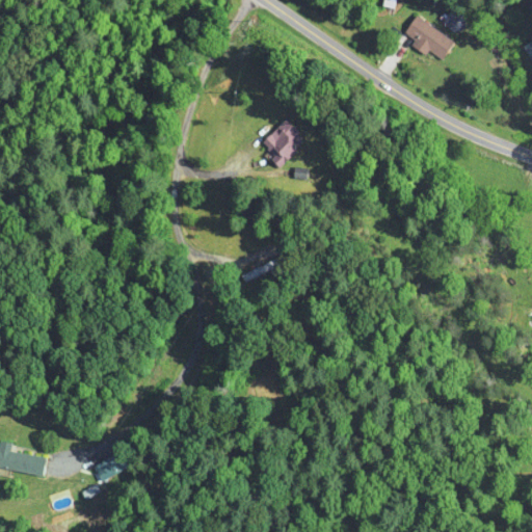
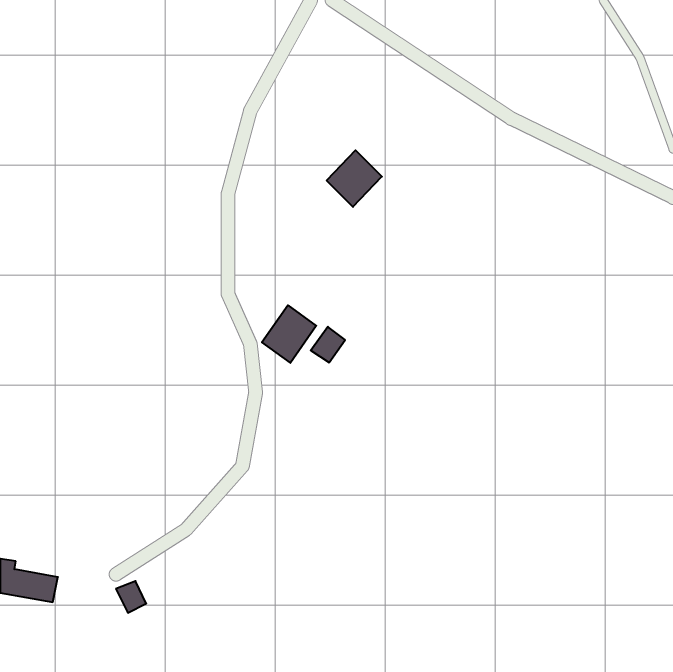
building: [407,18,458,64] -> none
building: none -> [262,305,316,363]

